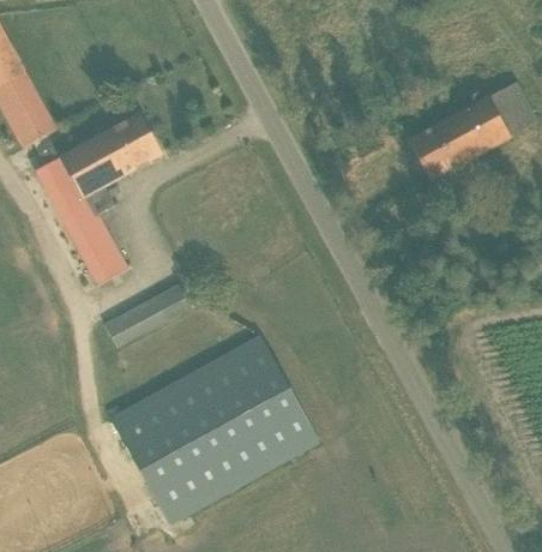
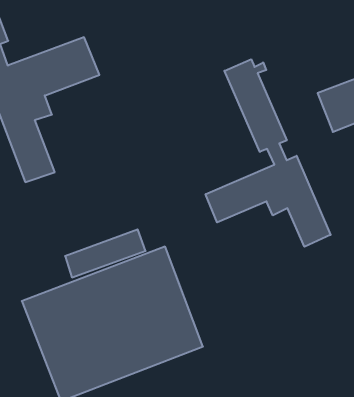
building: none -> [206,59,331,247]
building: [104,283,193,347] -> [65,229,146,277]

